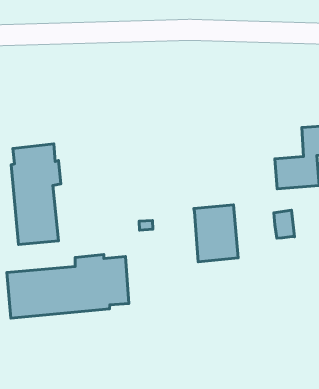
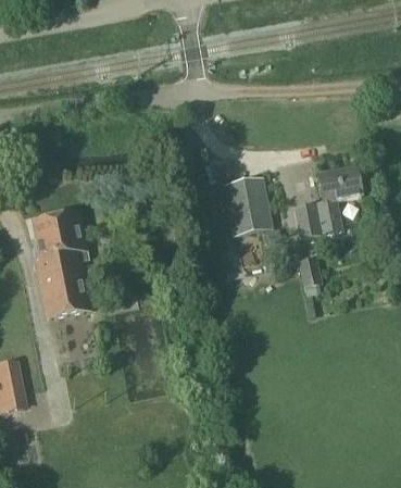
building: [194,205,238,262] -> [224,175,273,235]
building: [7,255,129,318] -> none

